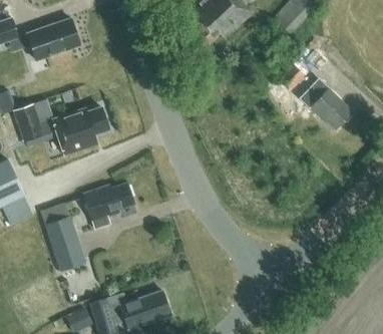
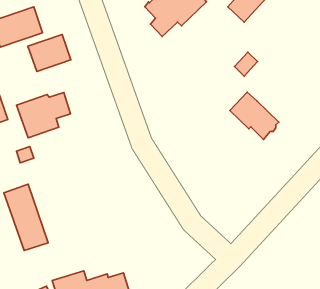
building: none -> [28,35,71,72]
building: [300,80,351,129] -> [230,92,279,139]
building: [84,184,134,230] -> none

